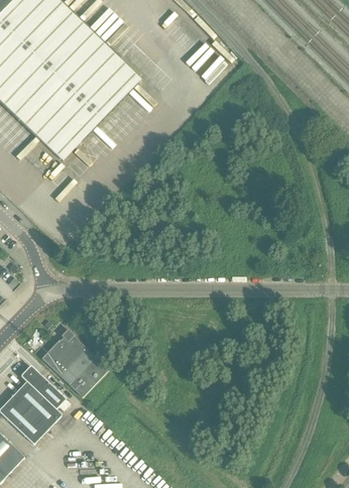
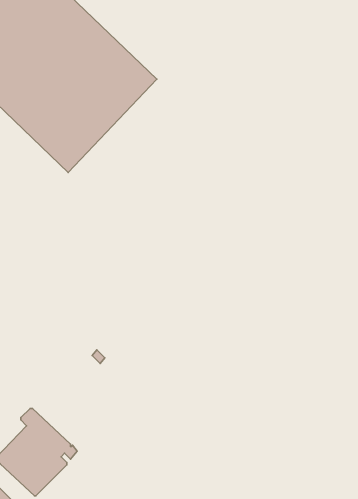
building: [41,328,109,396] -> none

